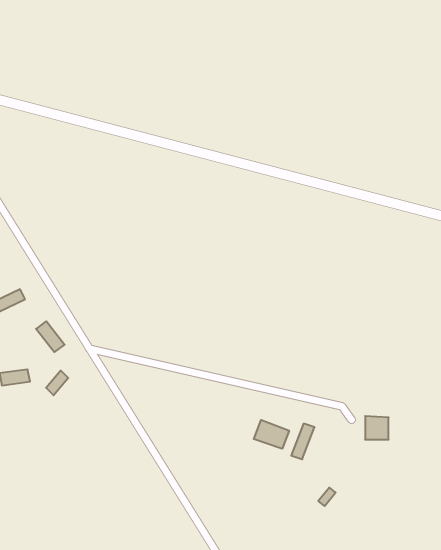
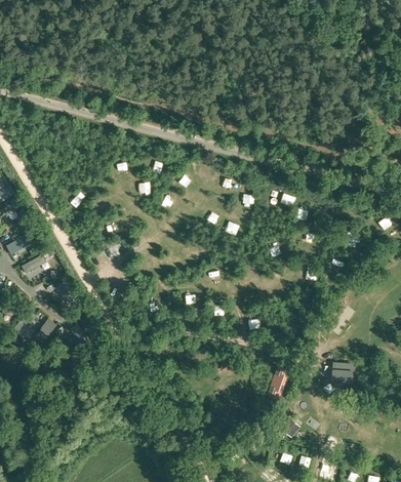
building: [254,420,289,449] -> none

